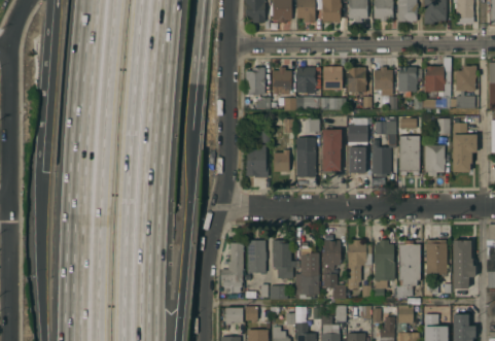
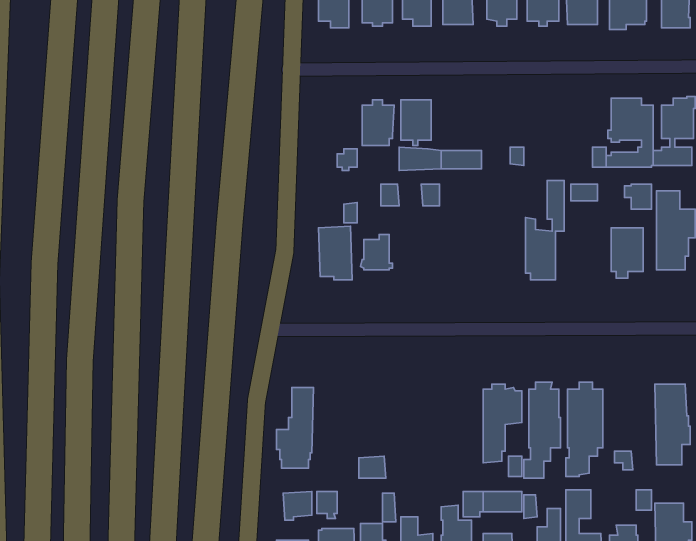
building: [323,66,343,90] -> none
building: [375,66,393,93] -> none
building: [246,67,266,95] -> none
building: [348,67,366,95] -> none
building: [398,67,422,92] -> none
building: [348,125,372,173] -> none
building: [322,129,341,173] -> none
building: [399,136,422,175] -> none
building: [296,137,316,177] -> none
building: [422,239,447,277] -> none
building: [247,240,266,273] -> none
building: [273,240,294,278] -> none
building: [322,240,345,299] -> none
building: [296,243,318,299] -> none

